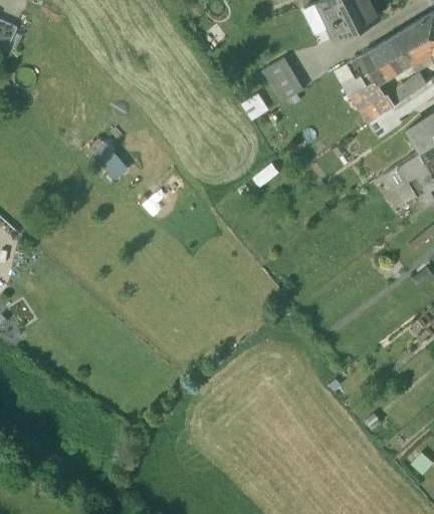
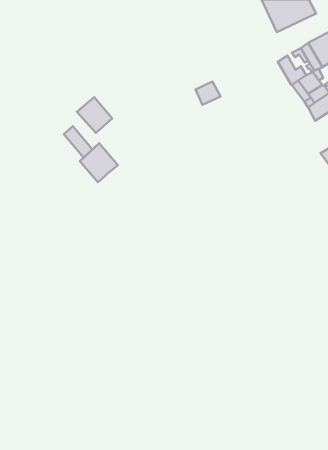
building: [263,58,302,102] -> none
building: none -> [77,97,112,133]
building: none -> [80,143,118,182]

